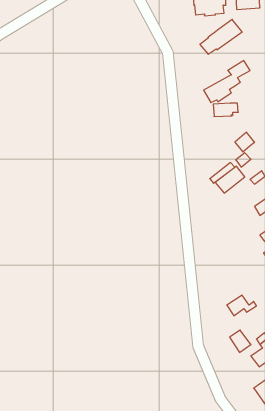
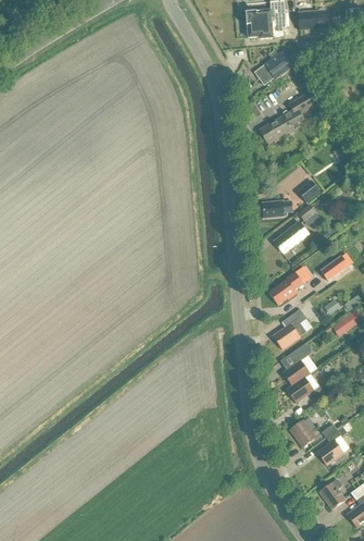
building: [213,103,238,117] -> [262,201,292,218]
building: none -> [268,272,303,305]
building: none -> [273,308,306,348]
building: none -> [283,351,311,390]

